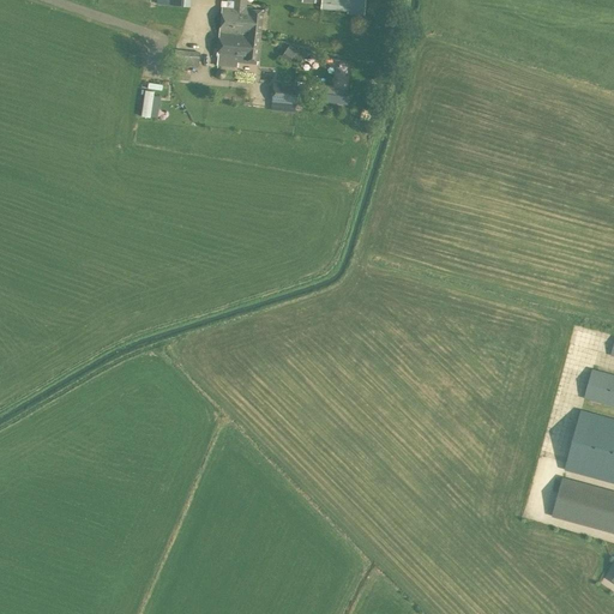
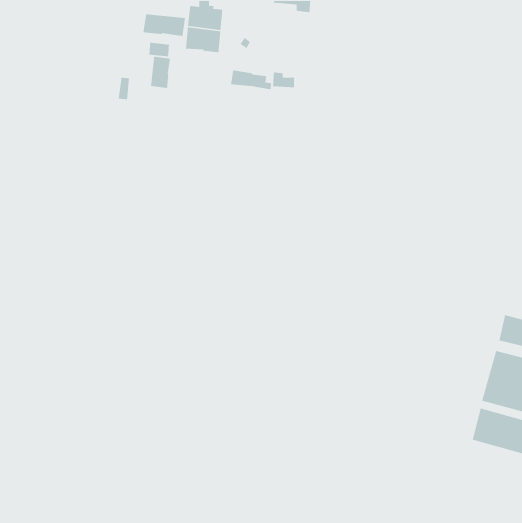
building: none -> [143,13,186,37]
building: none -> [150,56,171,89]

